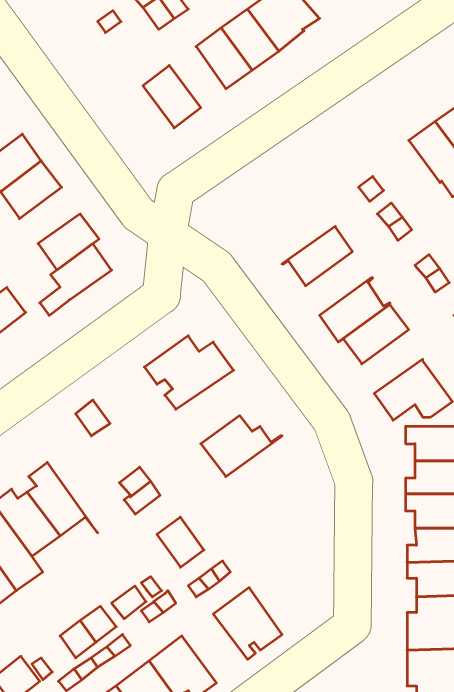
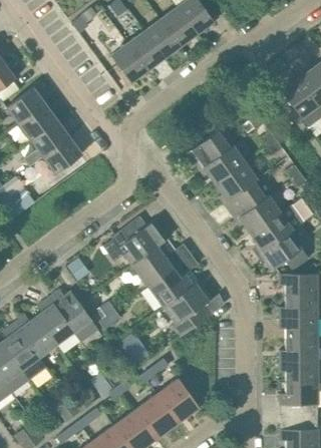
building: none -> [127,31,164,70]
building: none -> [188,131,234,170]
building: [40,244,112,315] -> [24,121,70,167]
building: none -> [215,162,257,203]
building: none -> [251,205,304,254]
building: none -> [131,239,173,286]
building: none -> [164,281,213,337]
building: none -> [49,290,98,343]
building: none -> [135,395,178,439]

